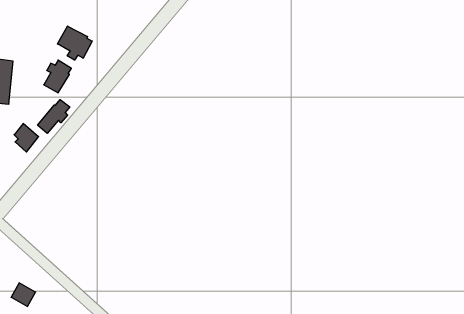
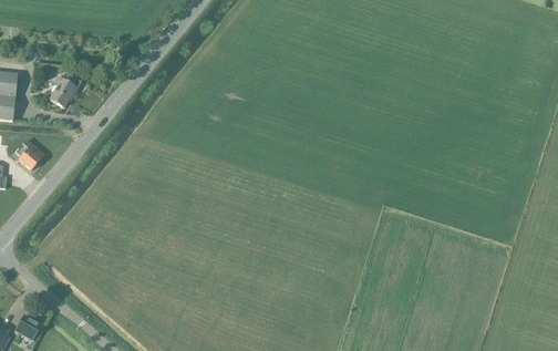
building: [57,26,92,60] -> none
building: [38,100,70,133] -> none

